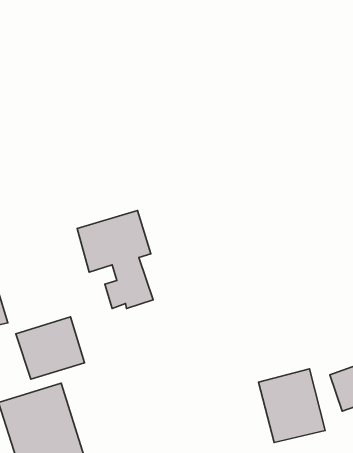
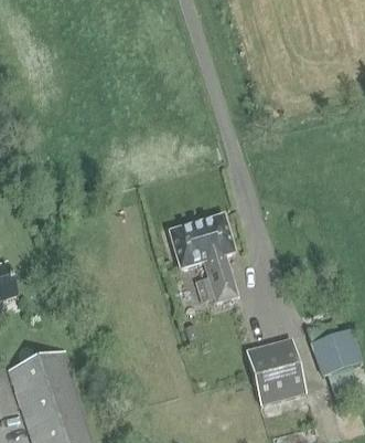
building: [77,210,153,308] -> [169,212,238,302]
building: [16,317,85,379] -> none

